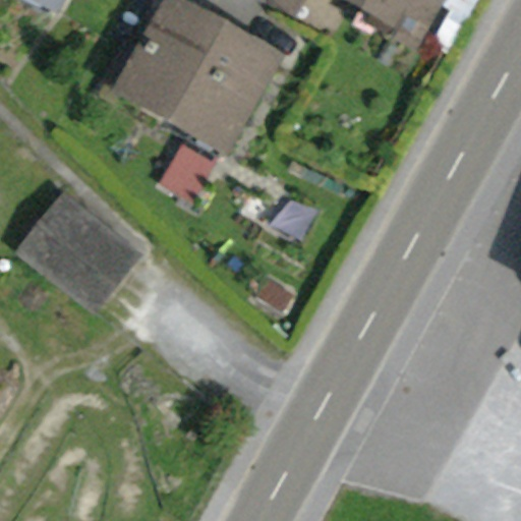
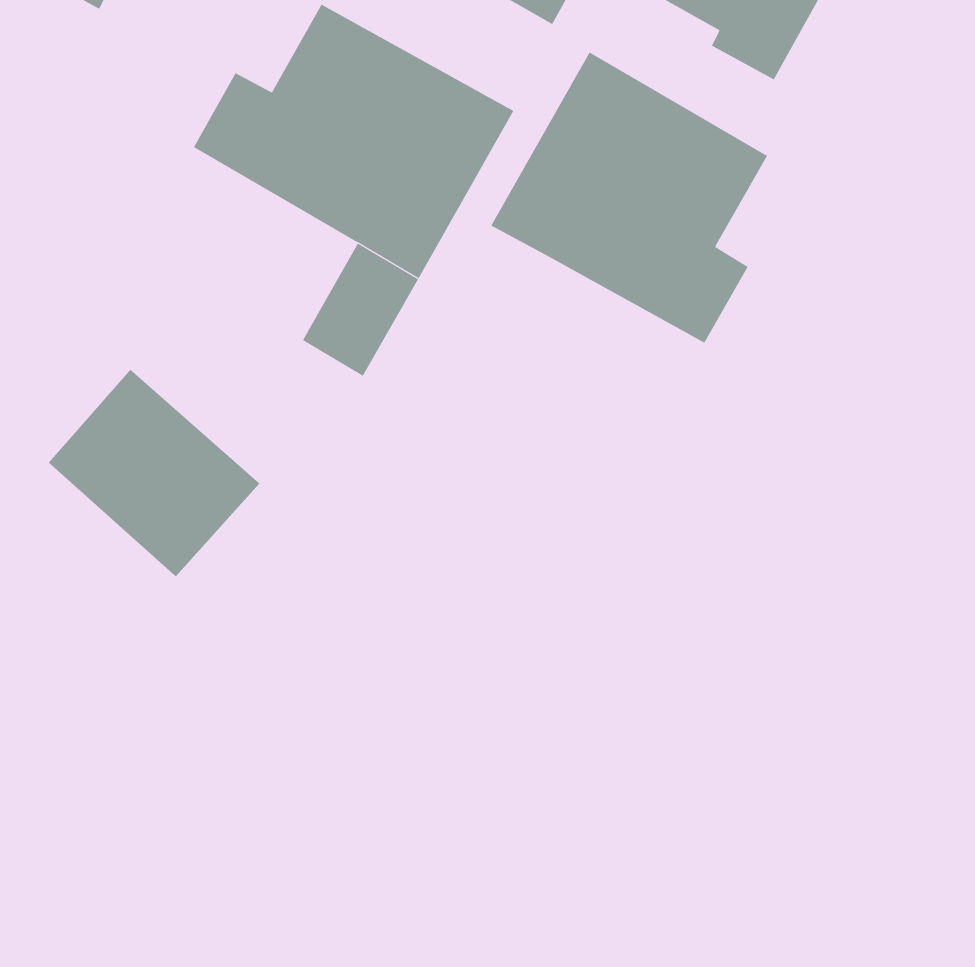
building: none -> [491,52,768,343]

